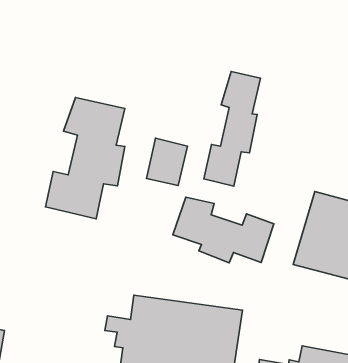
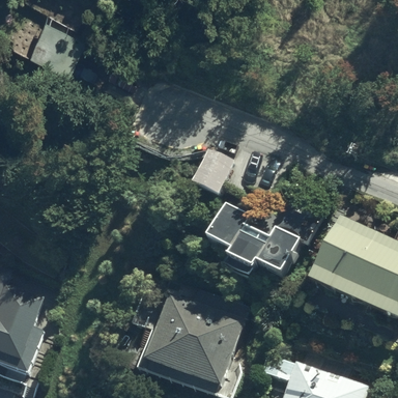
building: [204,72,260,186] -> none
building: [46,98,125,219] -> none

